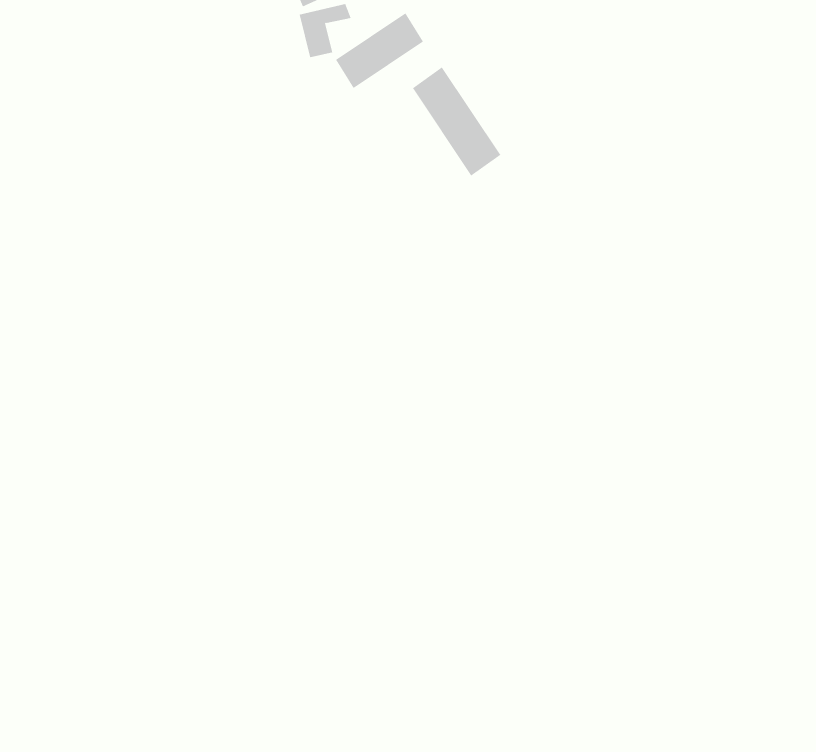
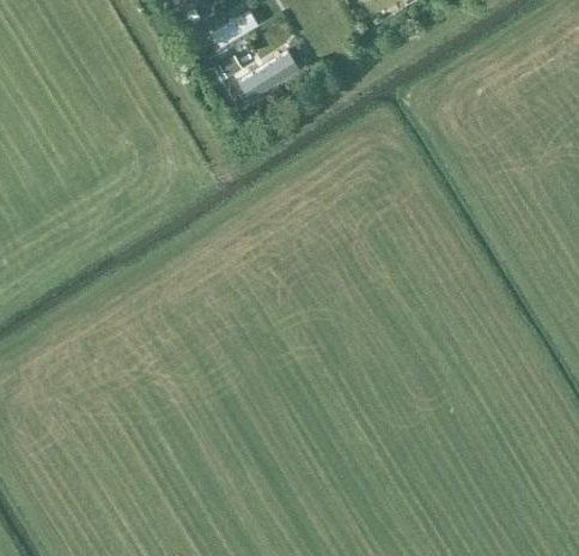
building: [412,66,501,177] -> none

